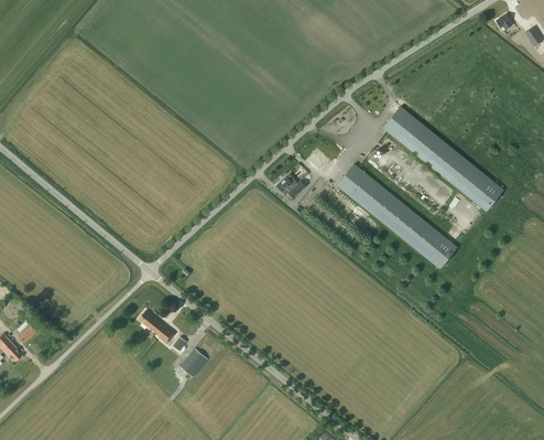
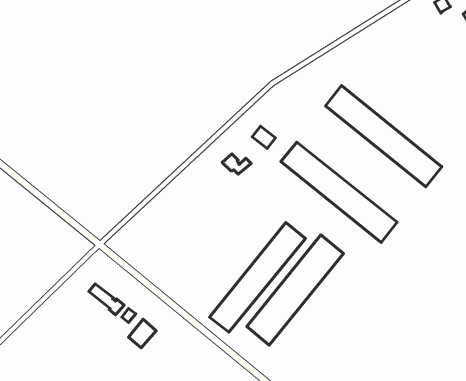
building: none -> [209,223,305,332]
building: none -> [247,235,343,345]

